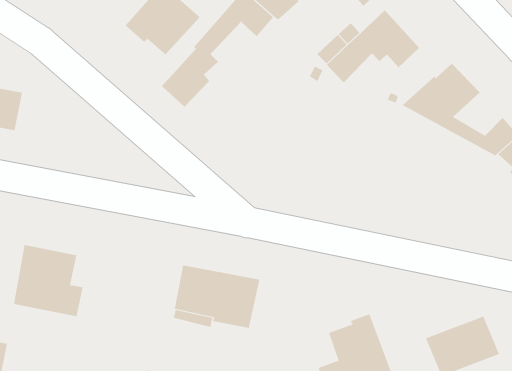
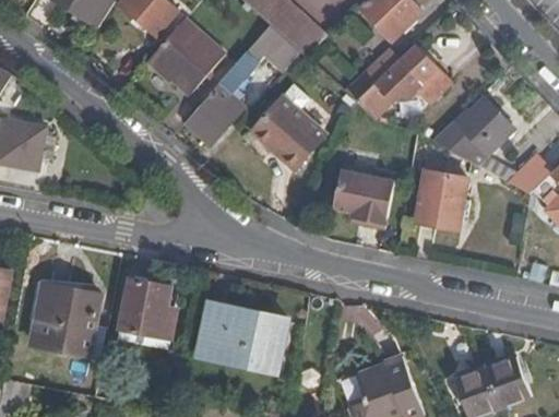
building: none -> [251,94,324,168]
building: none -> [329,166,392,228]
building: none -> [414,167,464,226]
building: none -> [118,277,177,341]

